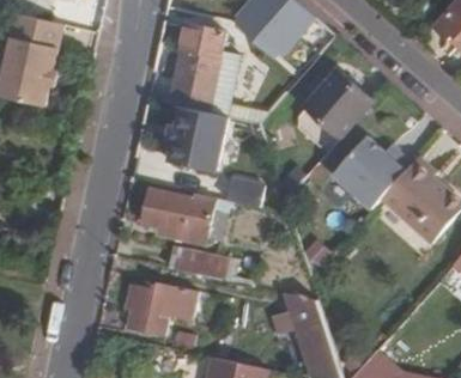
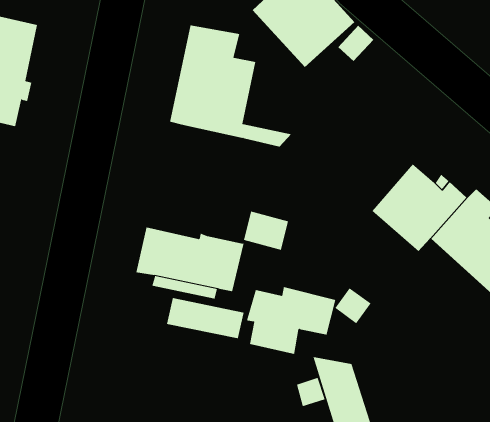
building: [304,69,371,136] -> none
building: [165,105,228,172] -> none
building: [123,281,196,336] -> [246,287,336,354]

